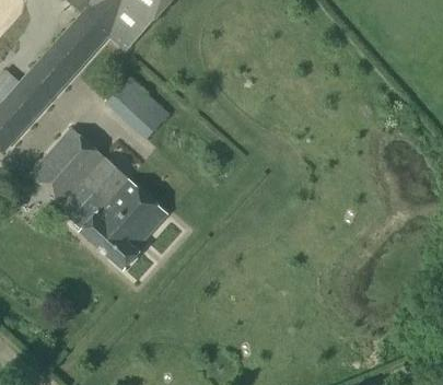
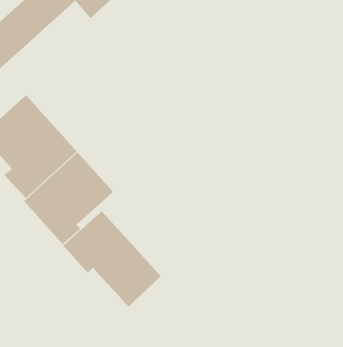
building: [107,78,171,140] -> none
building: none -> [63,210,162,307]

